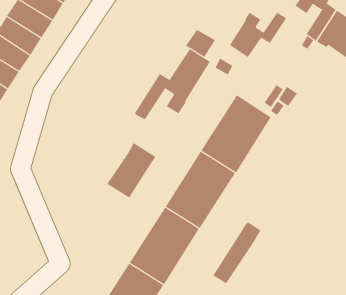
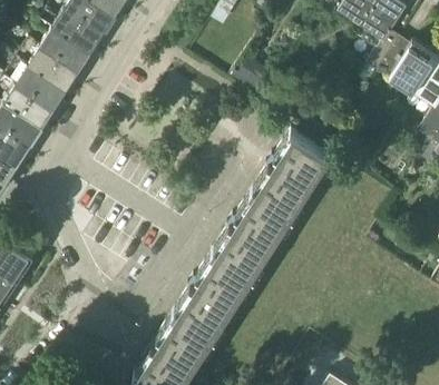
building: [229,12,287,58] -> none
building: [134,48,211,120] -> none
building: [107,142,156,199] -> none
building: [212,221,261,284] -> none

